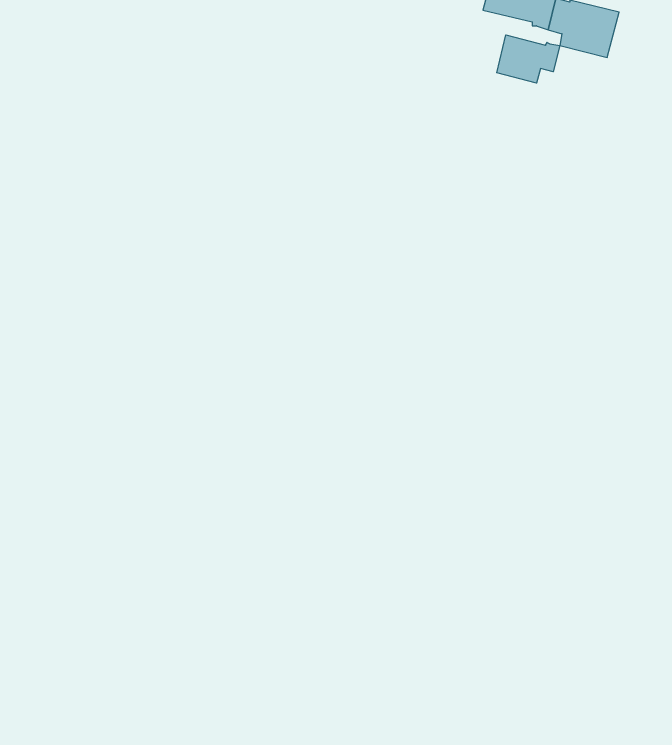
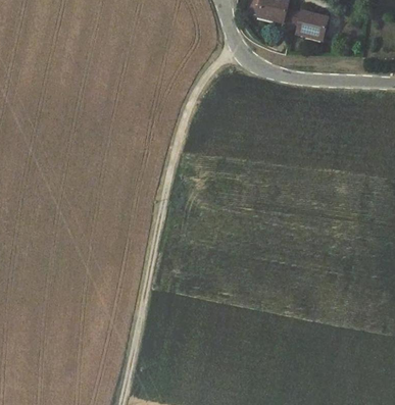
building: [497,35,560,83] -> none

